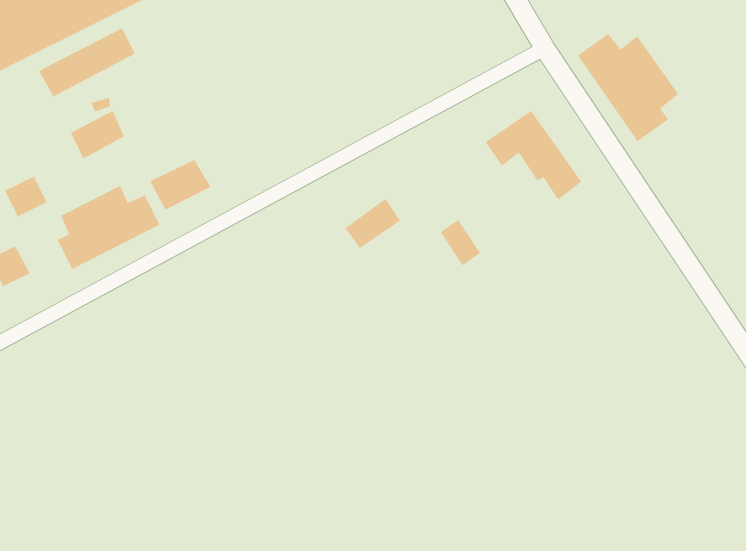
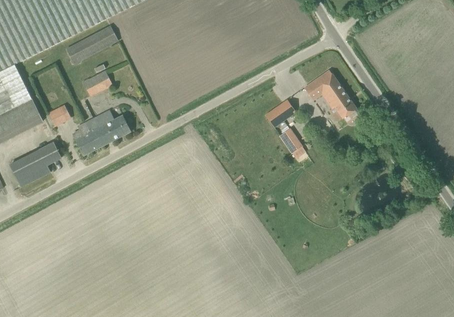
building: [577,33,679,142] -> none
building: [150,159,211,210] -> none
building: [345,198,401,249] -> [265,98,295,125]

